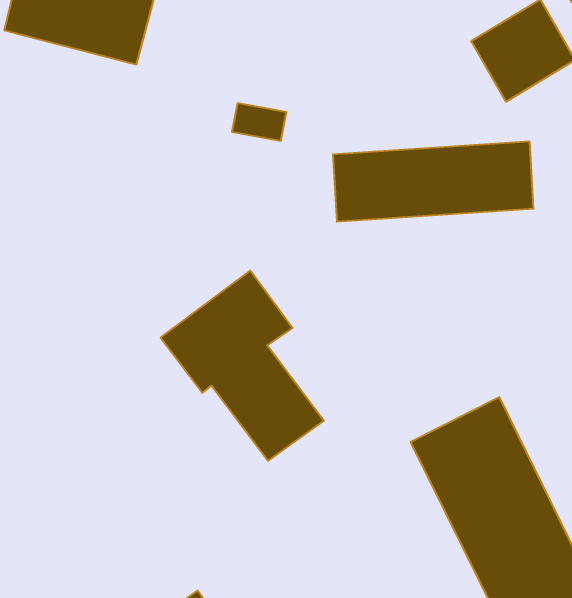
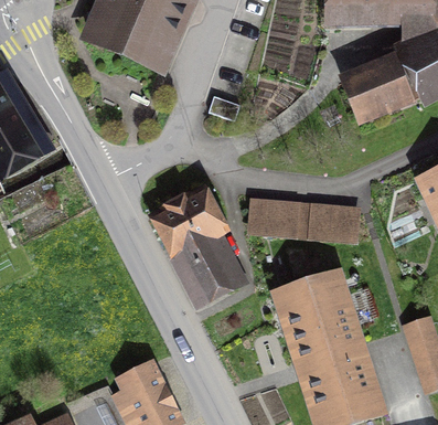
building: [333,142,534,222] -> [252,204,365,251]

